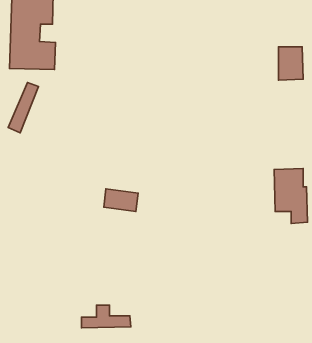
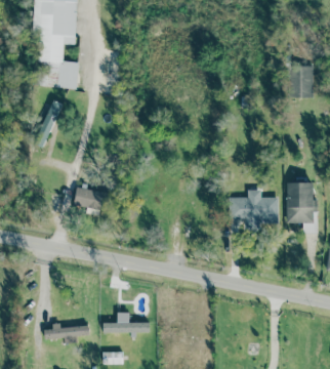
building: none -> [229,190,279,234]
building: [104,189,138,212] -> [74,188,107,209]
building: none -> [44,323,89,343]

